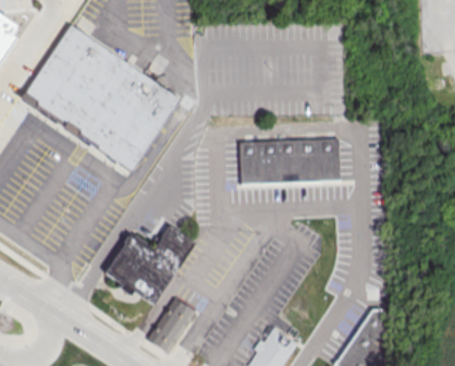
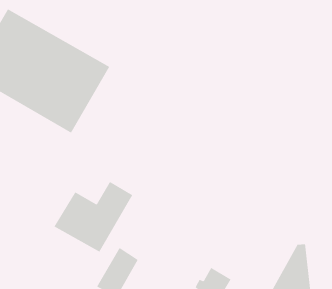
building: [242,138,341,184] -> none

